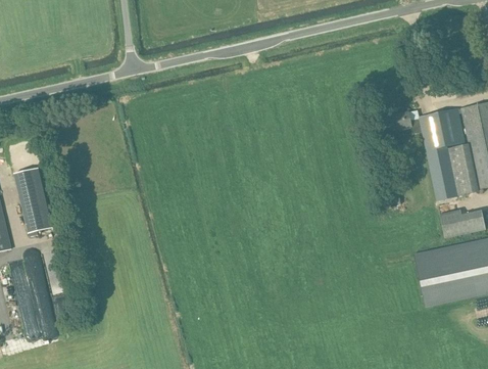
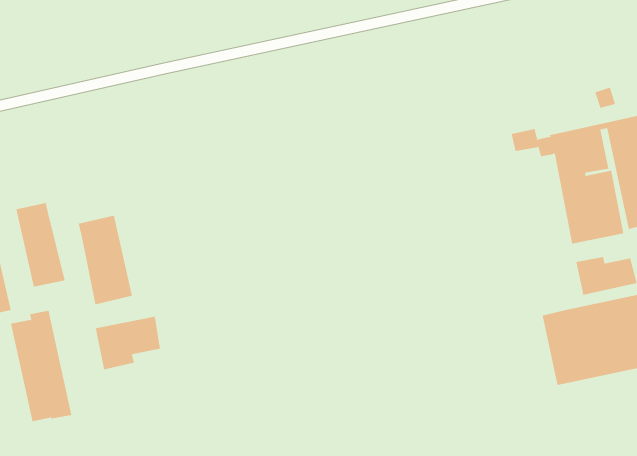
building: none -> [78,215,132,305]
building: none -> [95,316,160,370]

